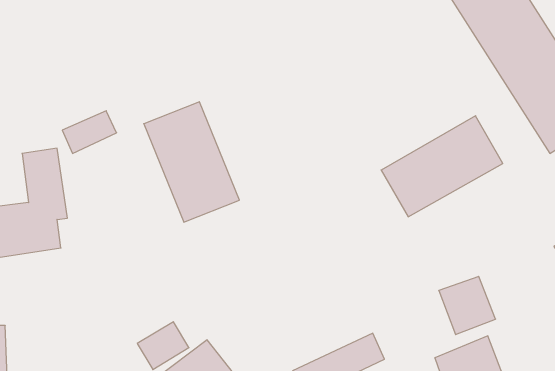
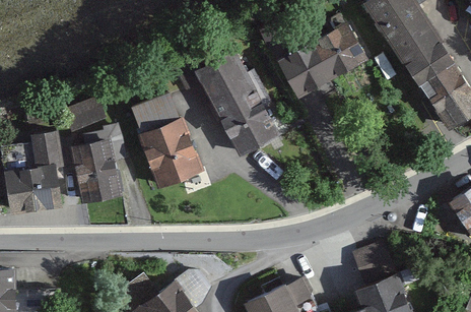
building: none -> [194,48,285,160]
building: [381,116,503,217] -> [271,20,366,100]
building: none -> [70,139,125,204]

